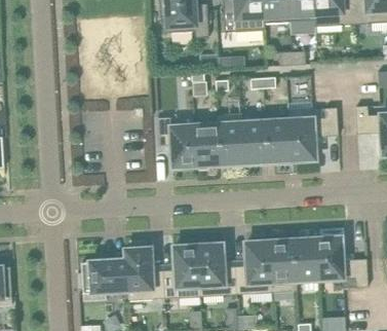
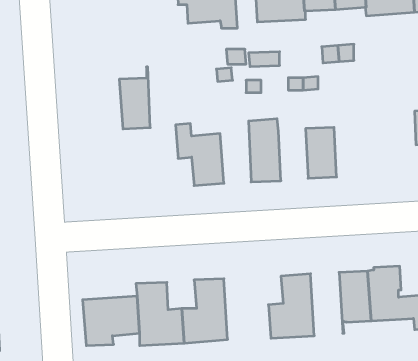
building: [288,107,338,162] -> none
building: [194,114,220,166] -> [119,67,150,129]
building: [242,120,267,163] -> none
building: [269,240,296,292] -> none
building: [197,244,236,295] -> none

